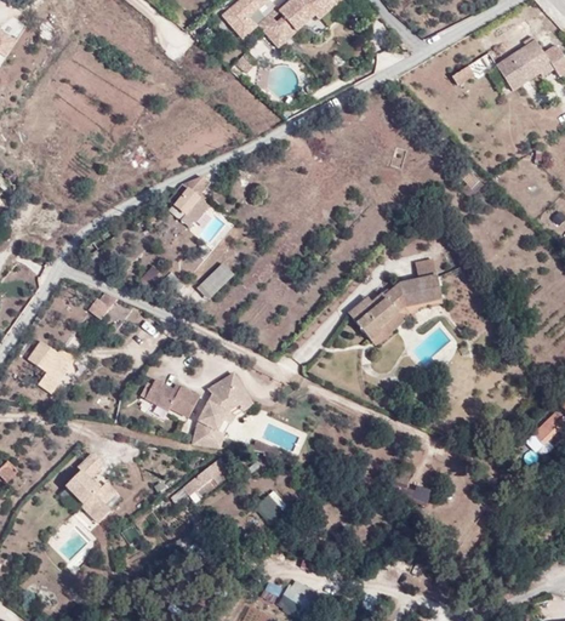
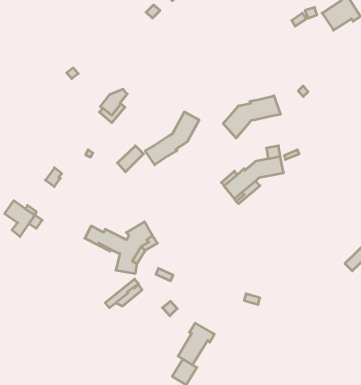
building: none -> [223,96,280,138]
building: none -> [145,112,199,165]
building: [64,452,115,522] -> none
building: none -> [178,323,214,365]

